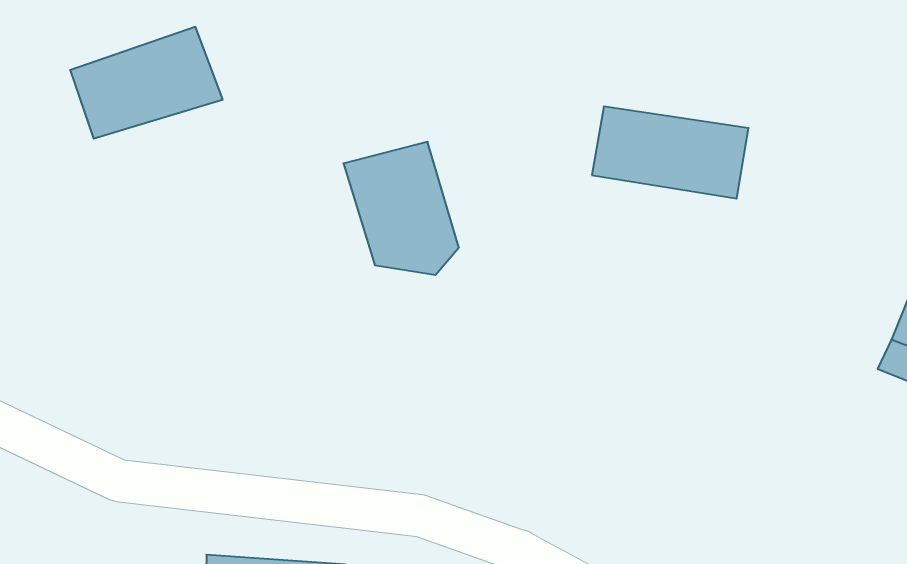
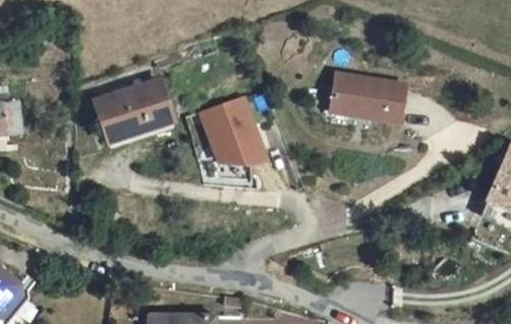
building: [70,27,223,139] -> [96,75,175,133]

